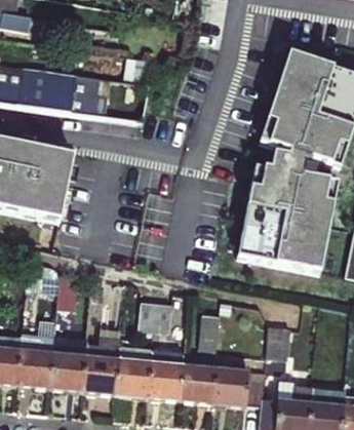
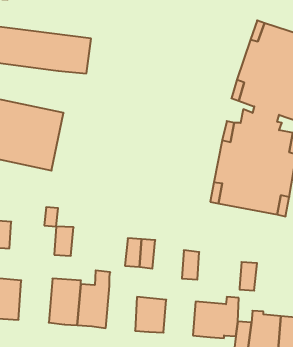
building: [22,340,60,392] -> none
building: [119,351,155,401] -> none
building: [184,366,220,406] -> none

